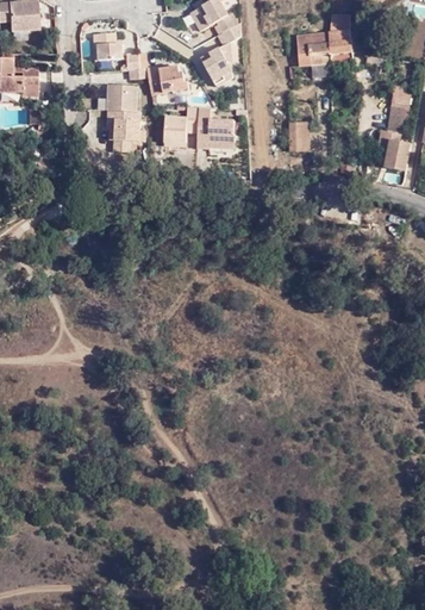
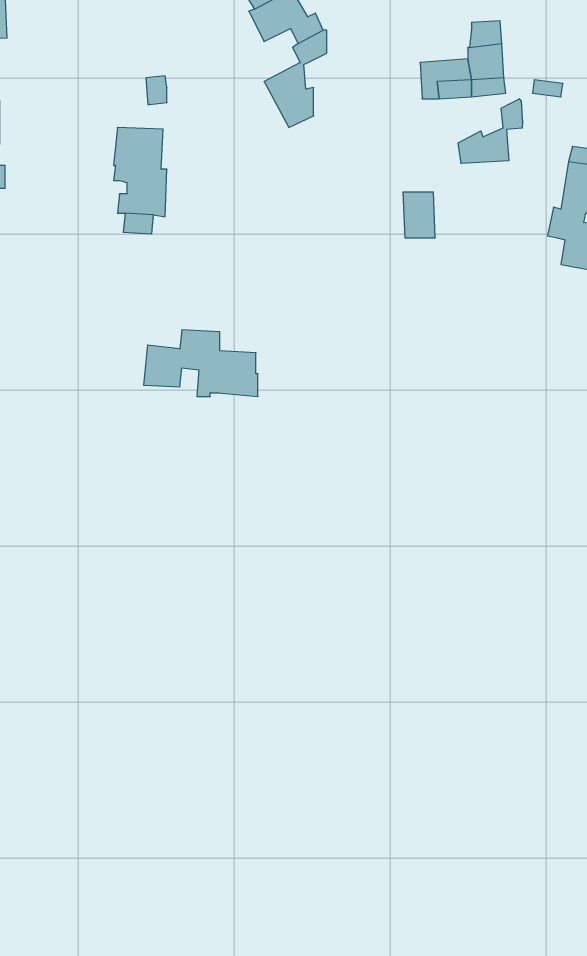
building: [95,31,124,58] -> none
building: [148,64,190,93] -> none
building: none -> [458,99,522,164]
building: [163,106,235,148] -> [144,330,258,397]

